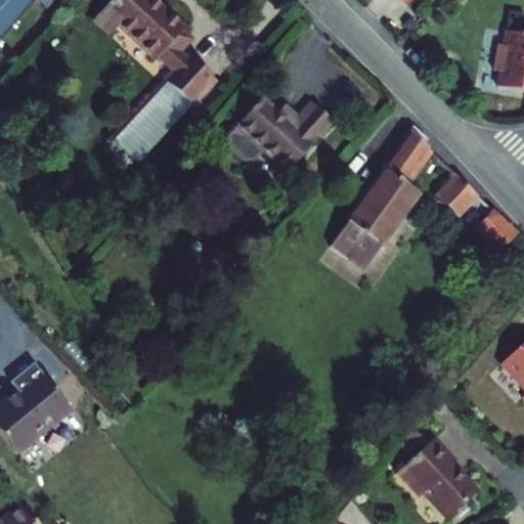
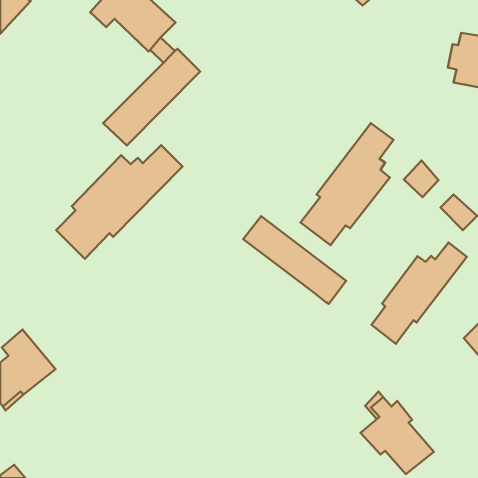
building: [234,100,337,173] -> none
building: none -> [56,145,182,259]
building: none -> [243,216,346,304]
building: none -> [371,242,467,344]

